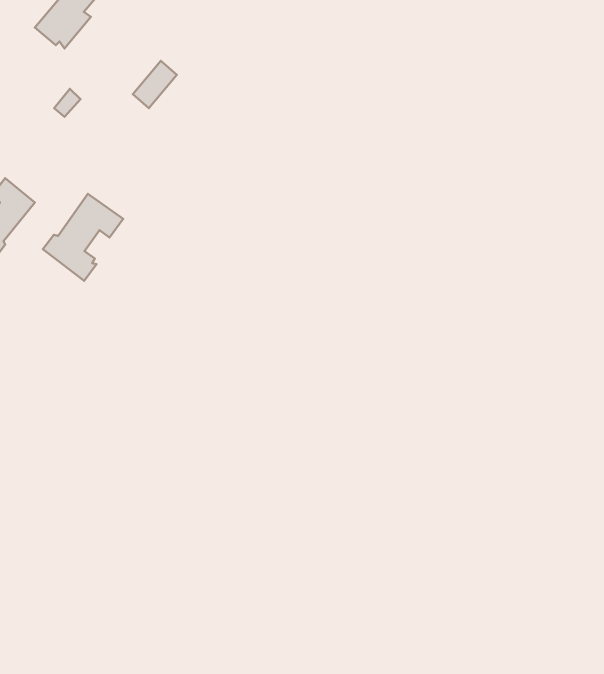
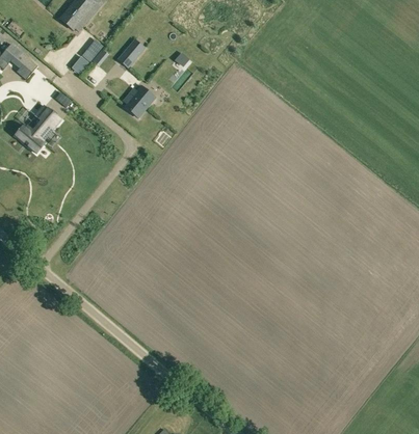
building: none -> [124,84,155,115]
building: [43,194,123,281] -> none

